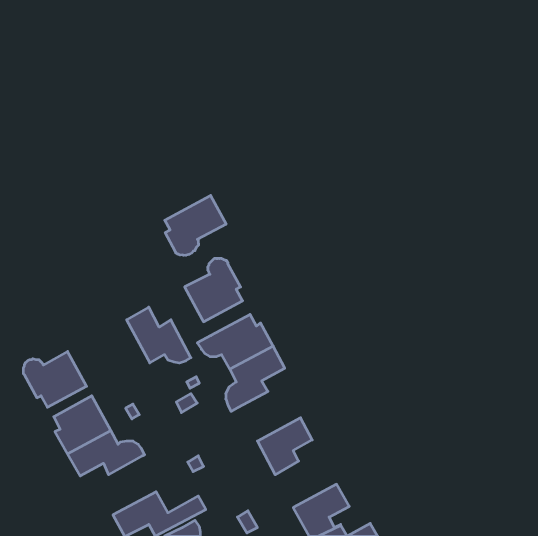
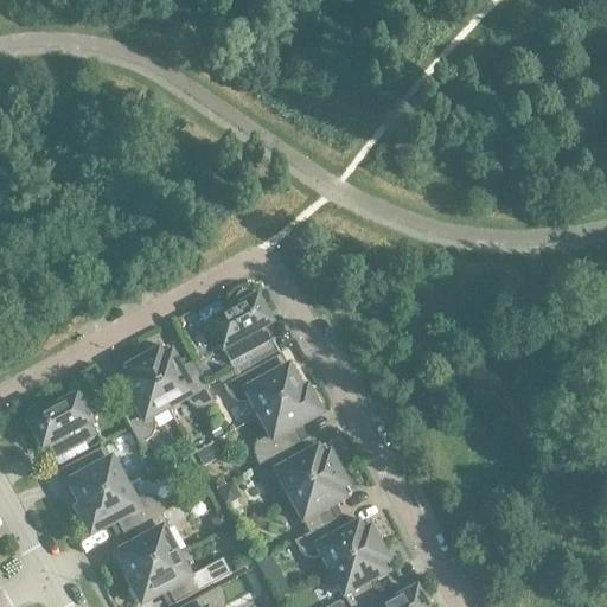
building: [165,195,226,255] -> none
building: none -> [117,359,170,443]
building: none -> [269,440,339,496]
building: none -> [115,512,177,579]
building: none -> [295,518,379,570]

